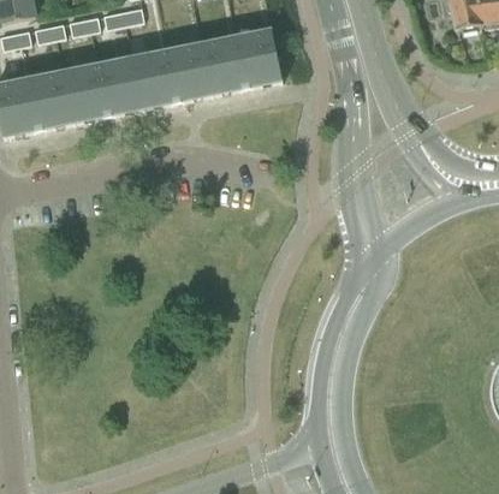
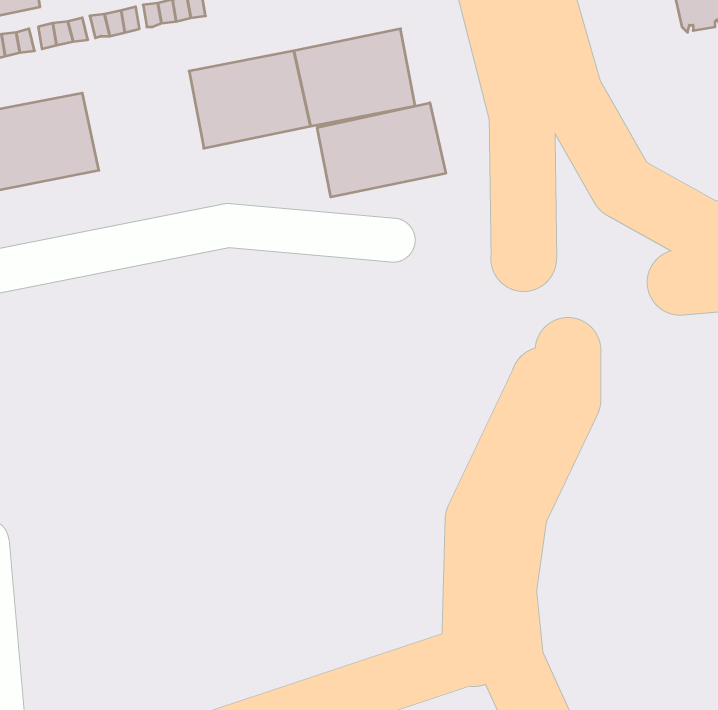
building: [63,58,142,123] -> none
building: none -> [317,103,446,197]

